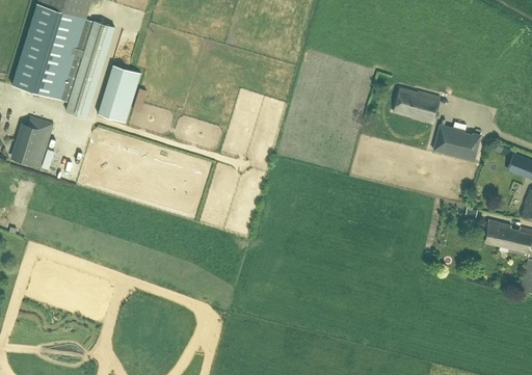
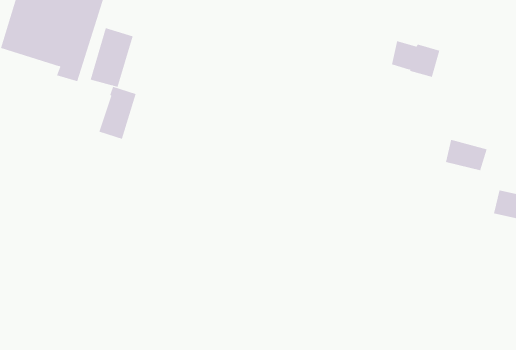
building: [17,117,53,168] -> [99,86,137,139]
building: [435,128,476,158] -> [445,139,487,171]

